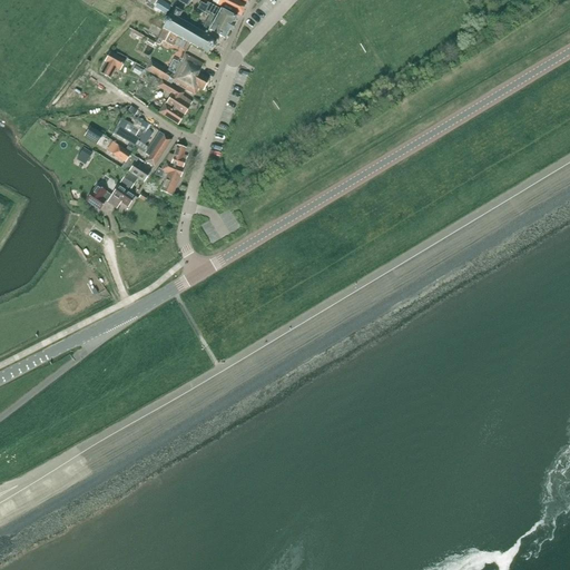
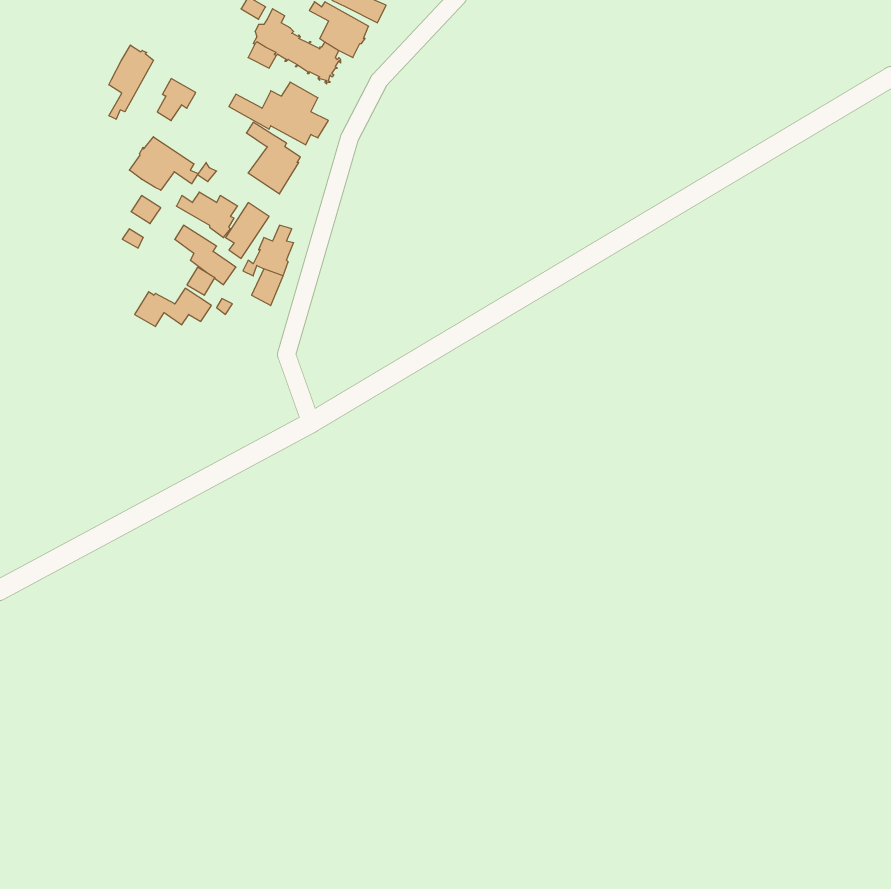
building: none -> [109,45,153,119]
building: none -> [129,137,198,190]

